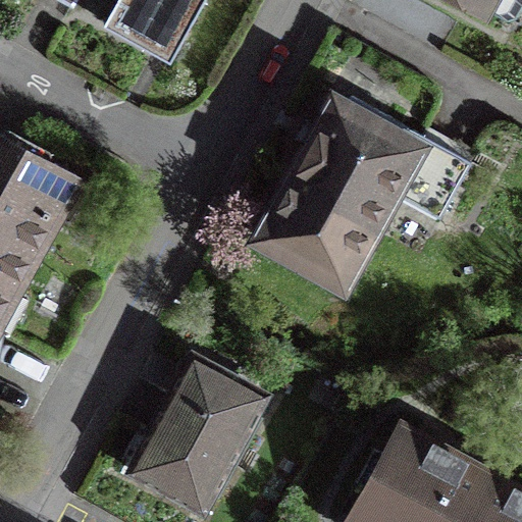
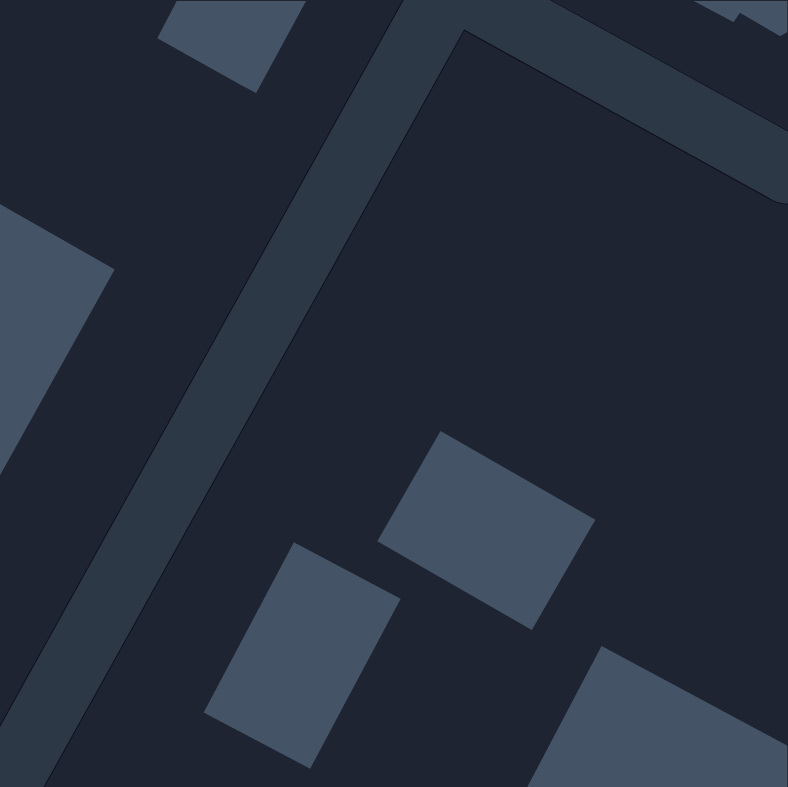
building: [258,96,470,282] -> none
building: none -> [376,430,597,631]

